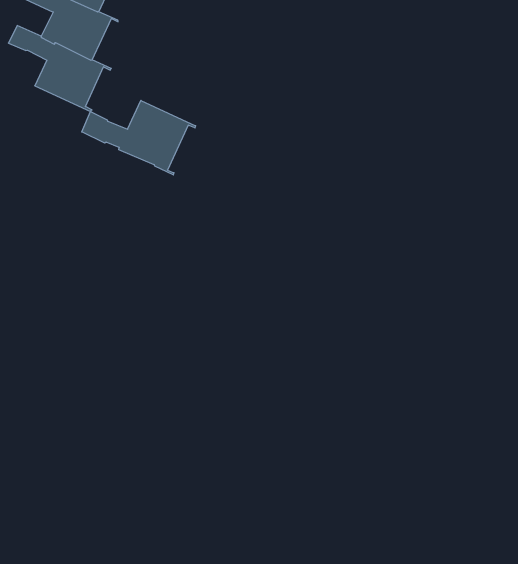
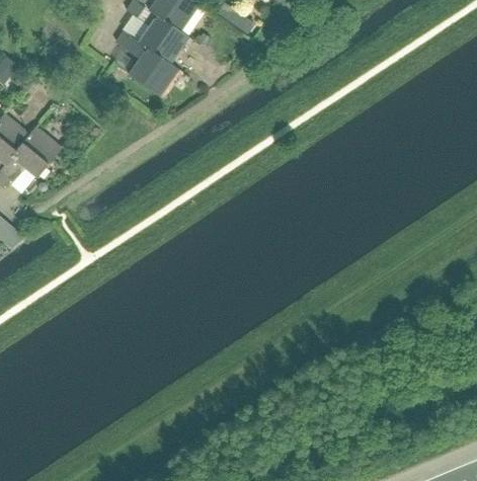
building: [82,100,196,175] -> none

